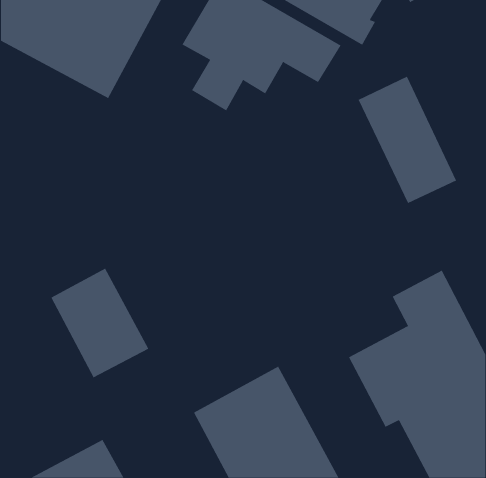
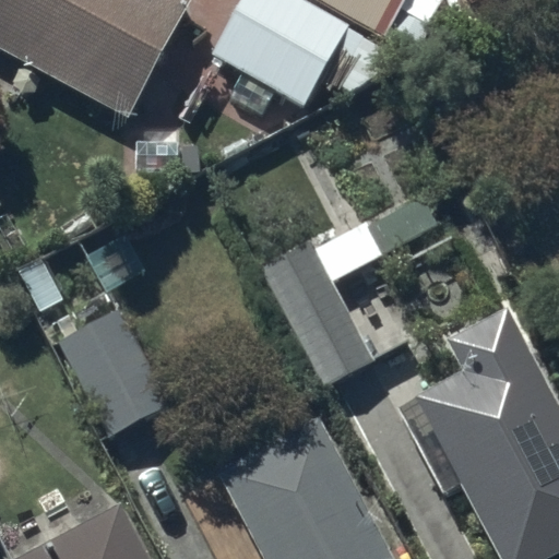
building: [358,76,457,204] -> none
building: none -> [258,193,440,386]

